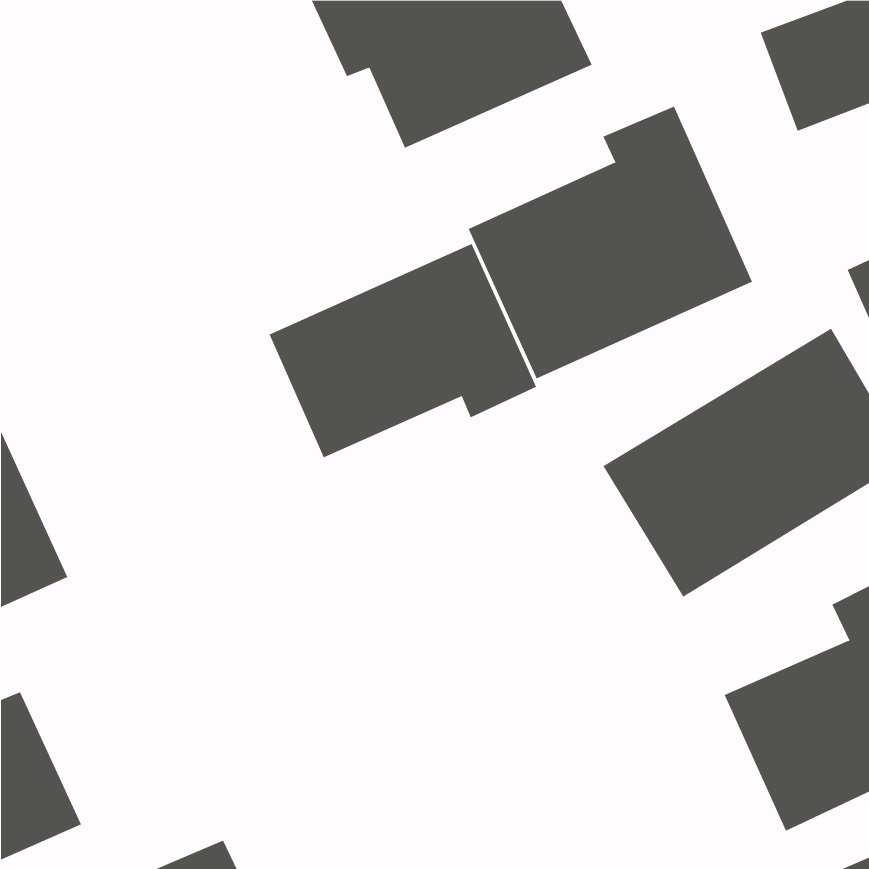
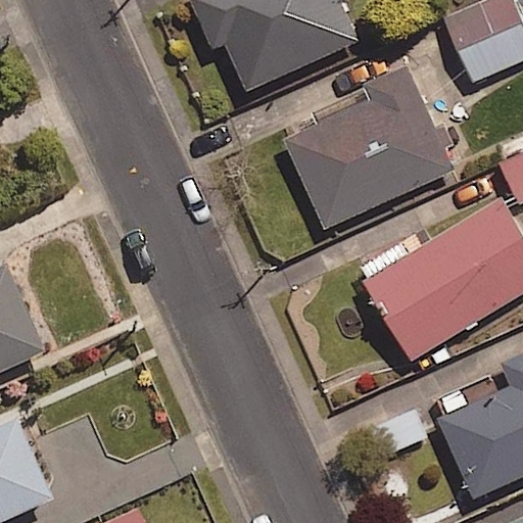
building: [269,243,537,458] -> none

